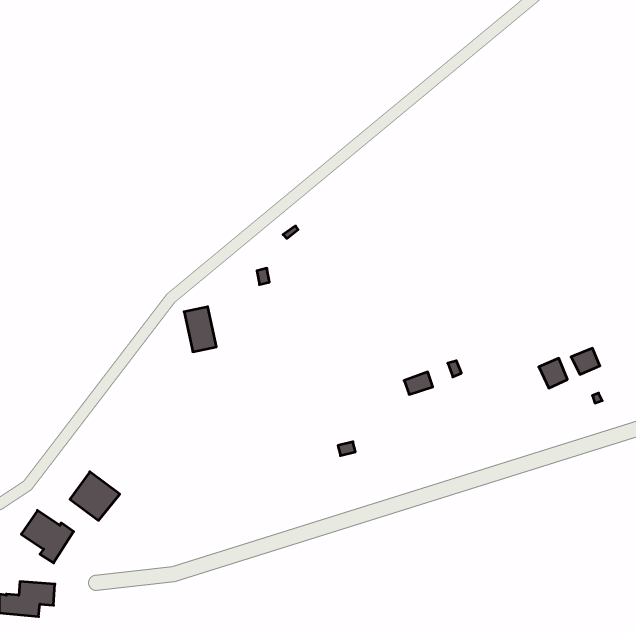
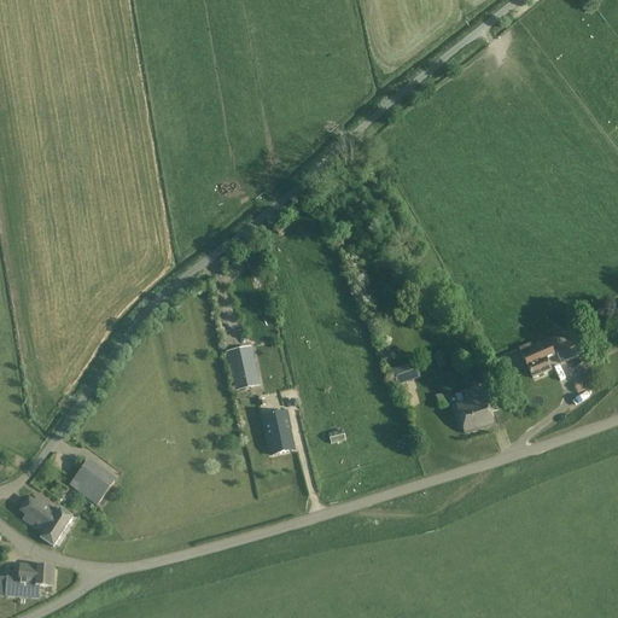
building: [184,307,216,352] -> [226,344,257,387]
building: none -> [455,392,496,431]
building: none -> [262,410,293,453]

